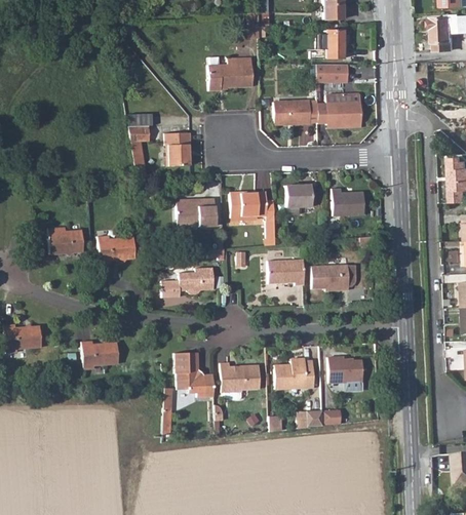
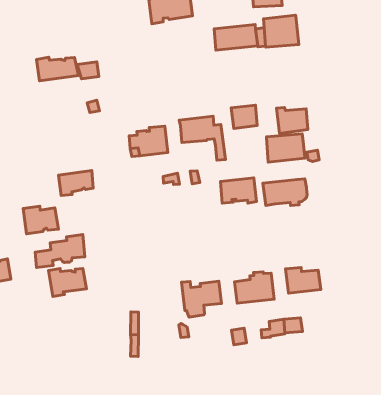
building: none -> [36,57,78,81]
building: [165,132,191,166] -> none
building: none -> [266,134,305,162]
building: [49,225,84,252] -> [23,206,58,234]
building: [160,268,211,299] -> [35,234,85,268]
building: [173,351,212,397] -> none

